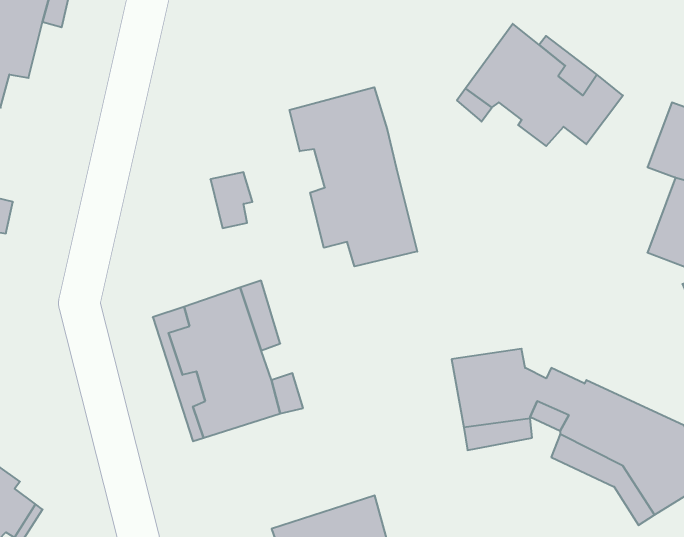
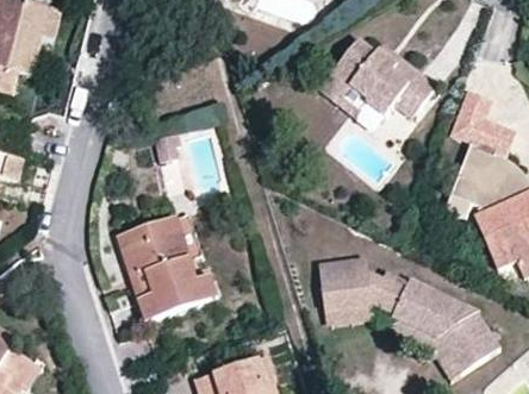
building: [289,87,417,266] -> none

